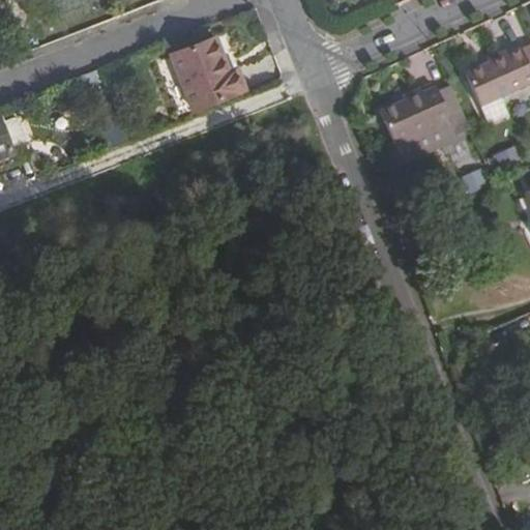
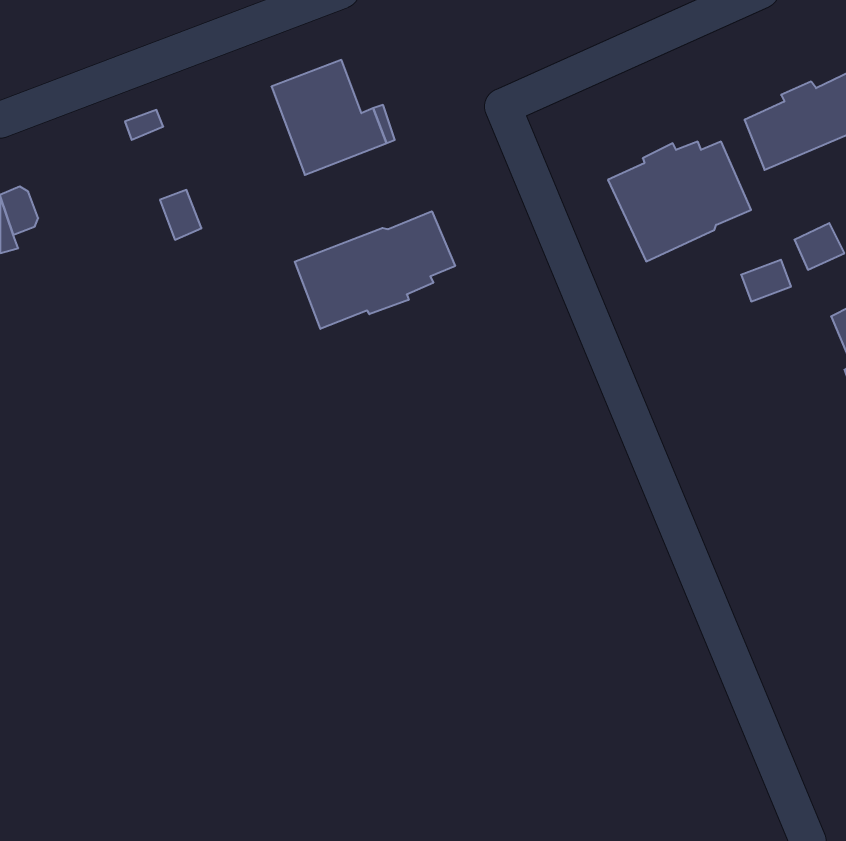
building: none -> [295,211,455,329]

